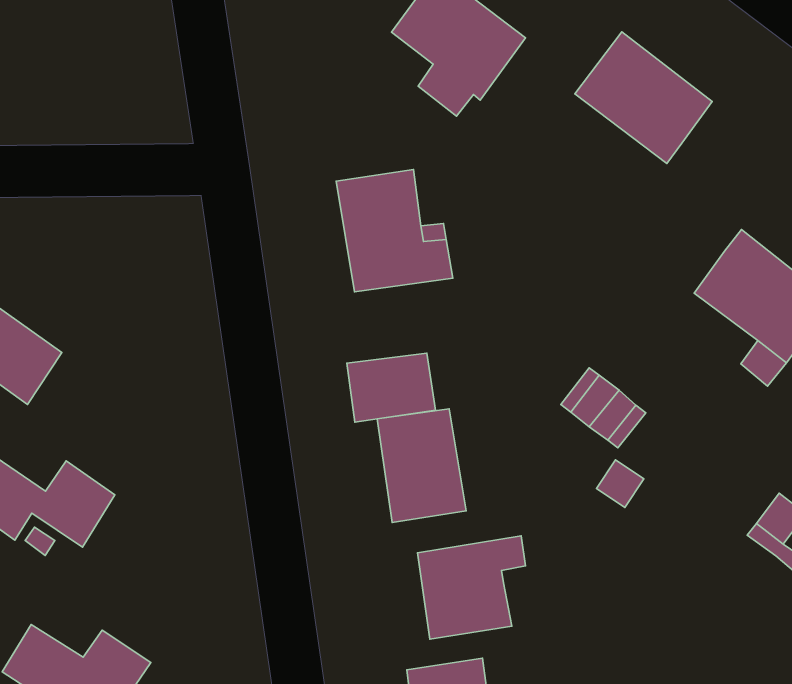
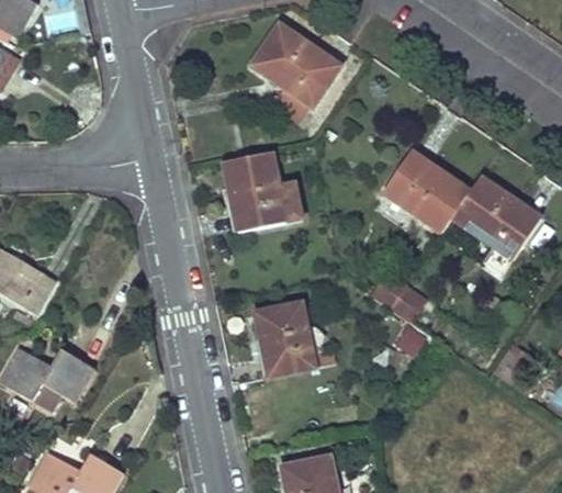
building: [575,32,712,163] -> [383,153,470,234]
building: [347,353,436,422] -> none
building: [417,536,525,639] -> none

